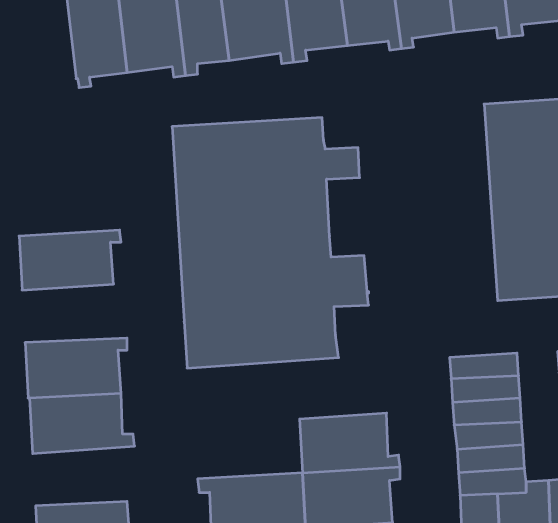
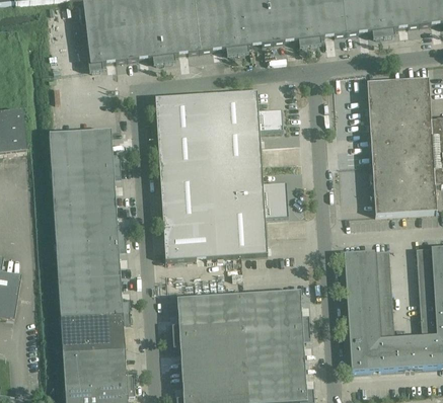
building: none -> [49,130,120,170]
building: none -> [54,203,125,242]
building: none -> [172,294,243,334]
building: none -> [61,312,130,352]

